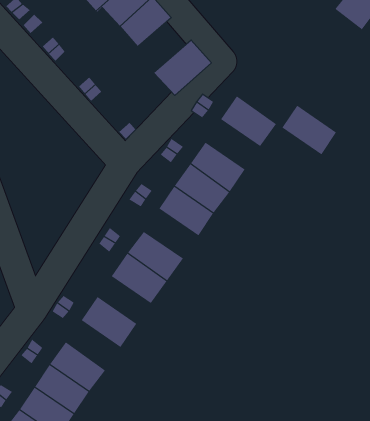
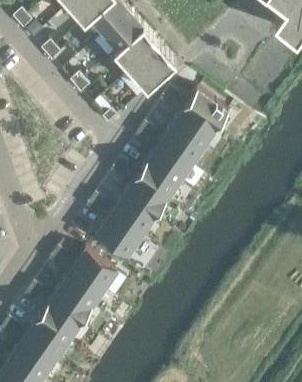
building: none -> [113,30,159,74]
building: [282,105,337,155] -> [170,111,214,151]
building: none -> [121,182,165,222]
building: none -> [59,271,103,311]

